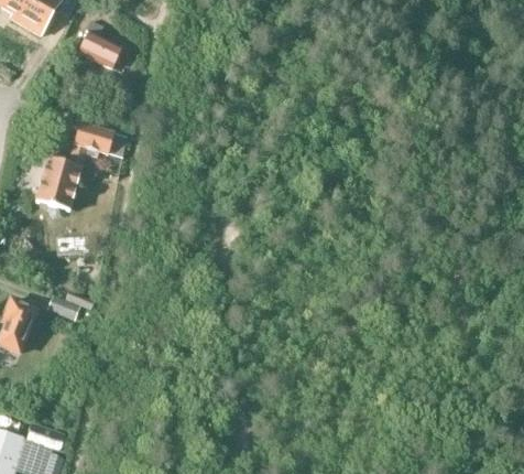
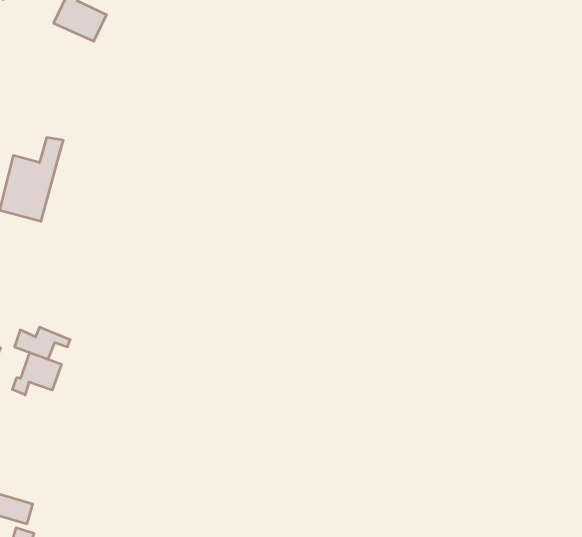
building: [73,122,125,155] -> none
building: none -> [12,352,61,395]

